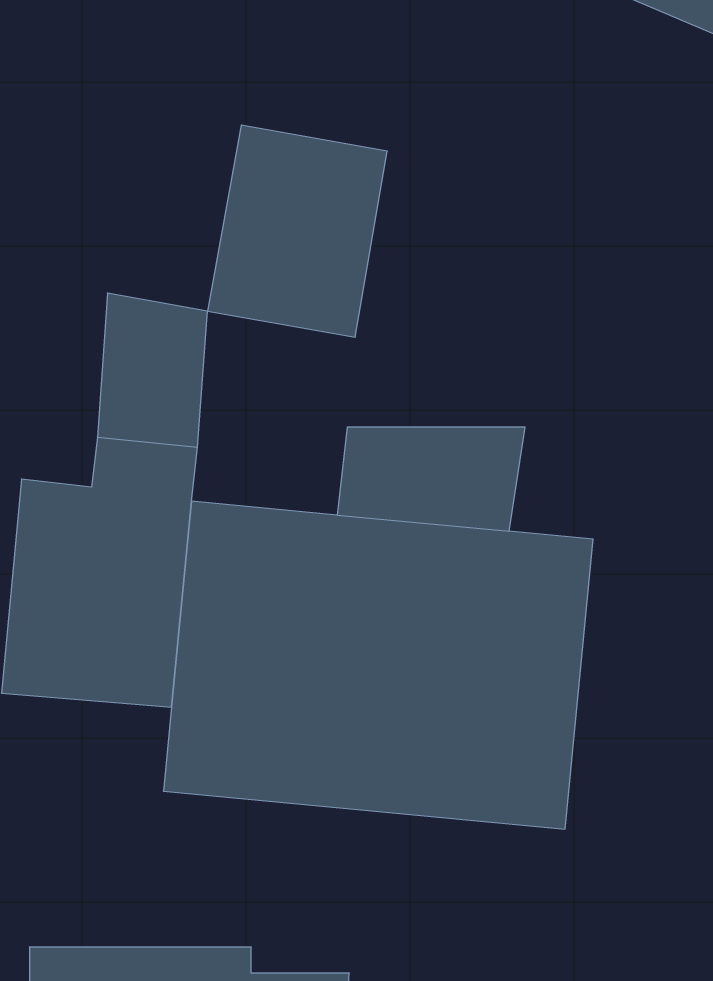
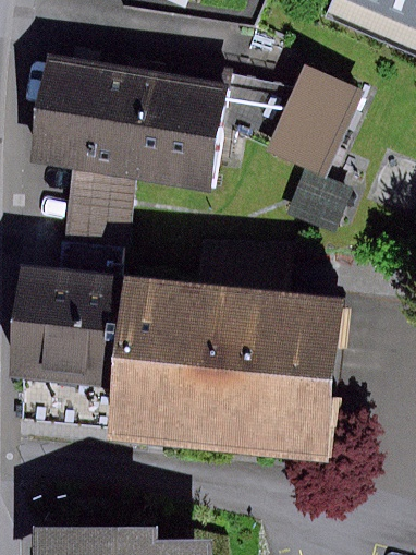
building: none -> [30,59,148,178]
building: none -> [267,64,364,178]

